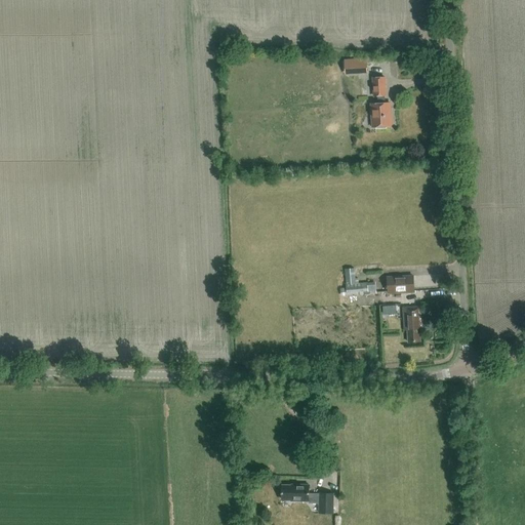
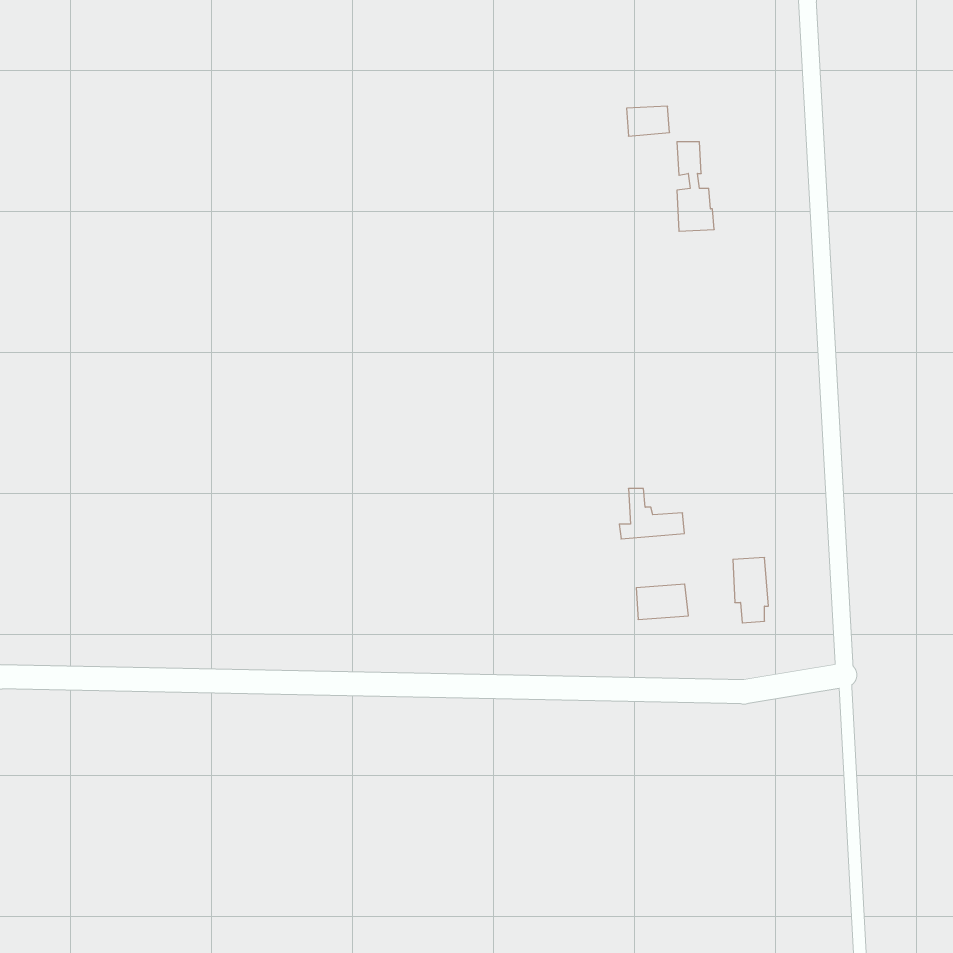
building: [387,275,415,294] -> [636,584,688,619]
building: [282,484,334,515] -> none

